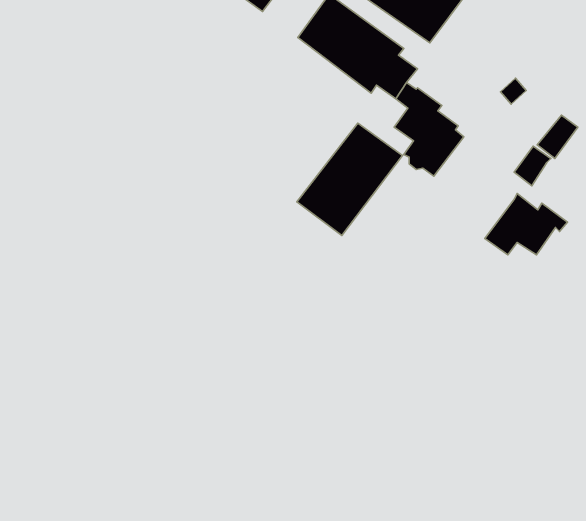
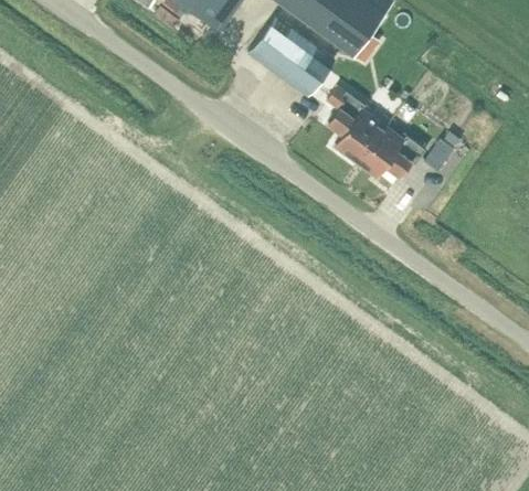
building: [297,123,403,236] -> none
building: [485,193,568,255] -> [357,126,424,175]

